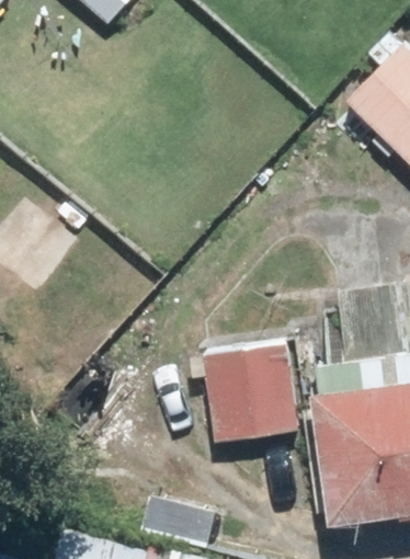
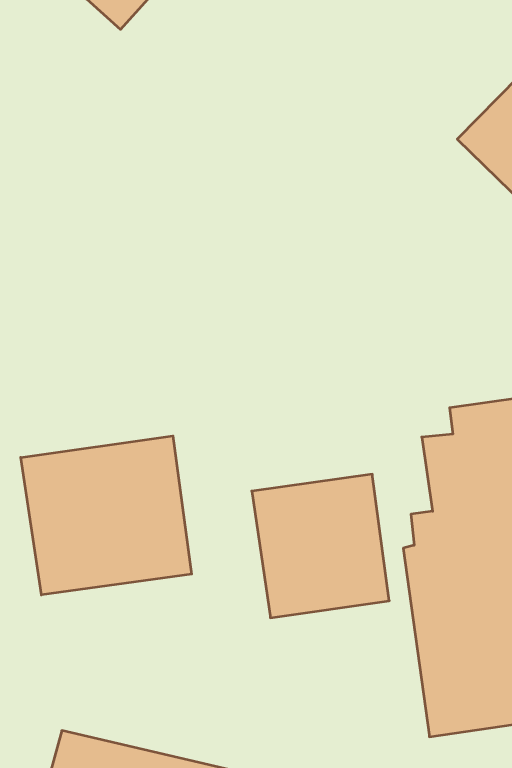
building: none -> [21,436,192,595]

